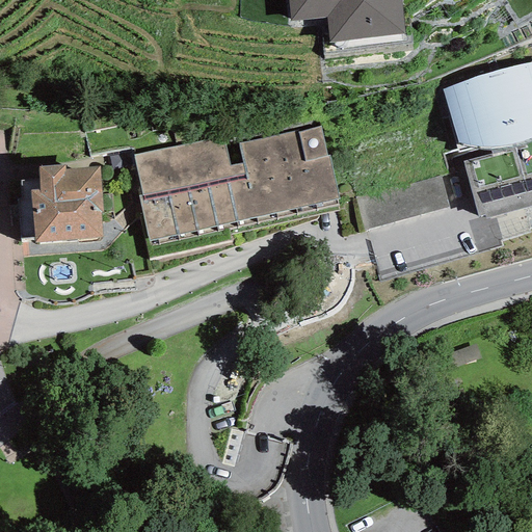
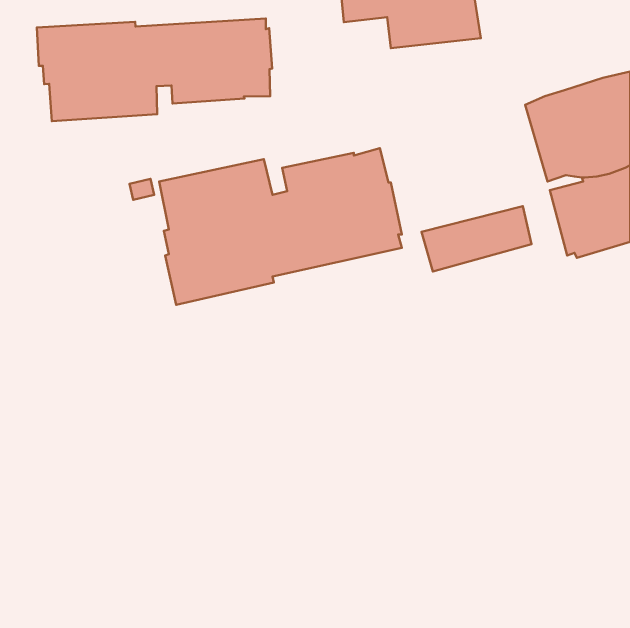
building: none -> [37,18,272,121]
building: [30,163,103,241] -> none

